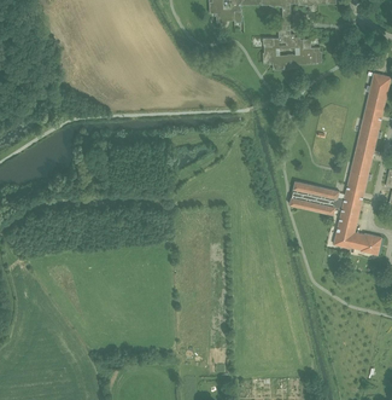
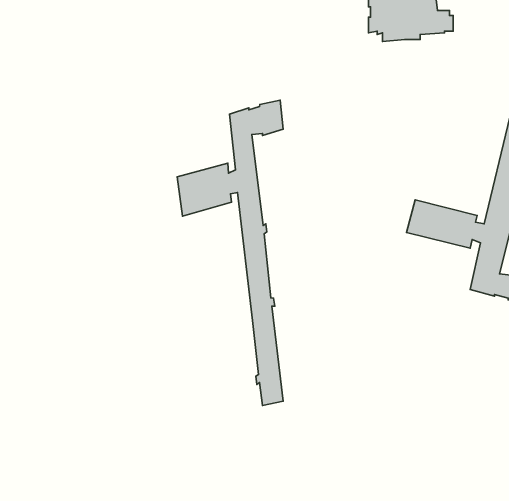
building: none -> [177,100,283,405]

